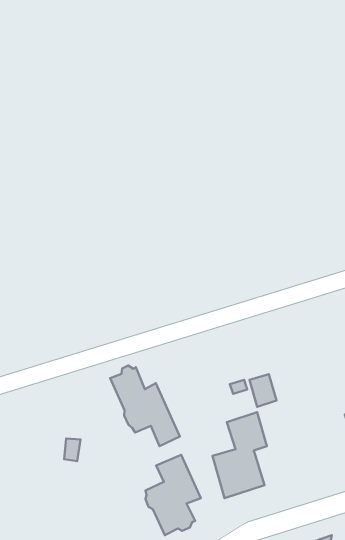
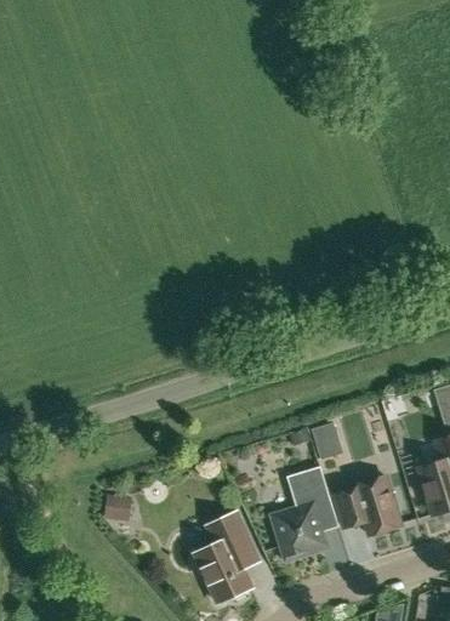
building: [110,366,180,446] -> none
building: none -> [334,475,400,535]

